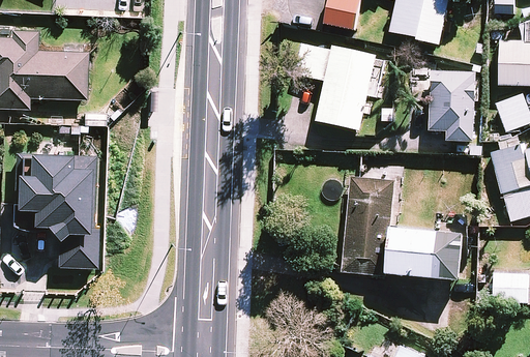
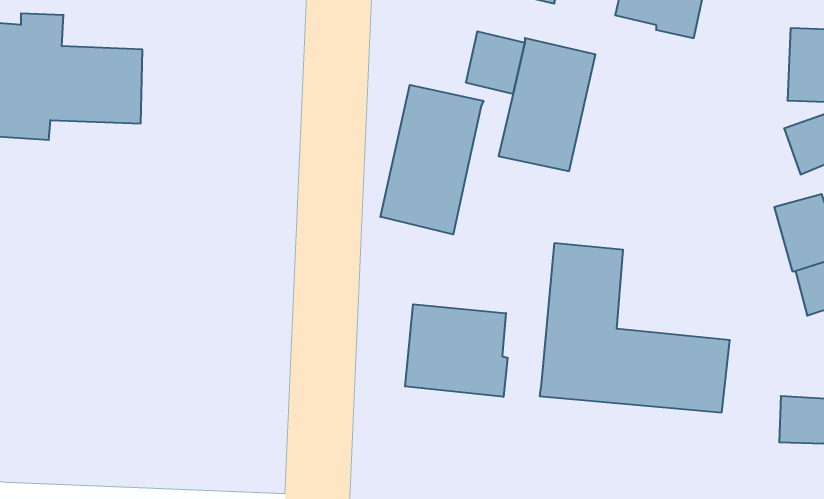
building: [429,70,475,141] -> none
building: none -> [380,85,483,234]
building: [16,153,101,268] -> none
building: none -> [405,304,508,397]

